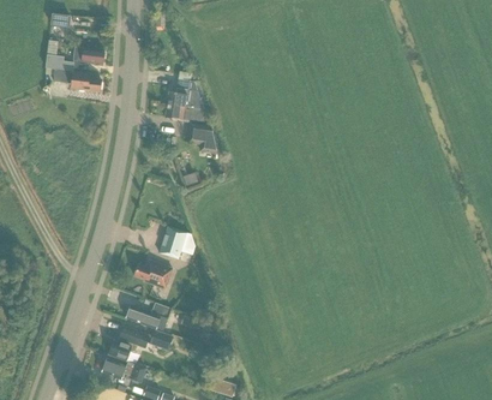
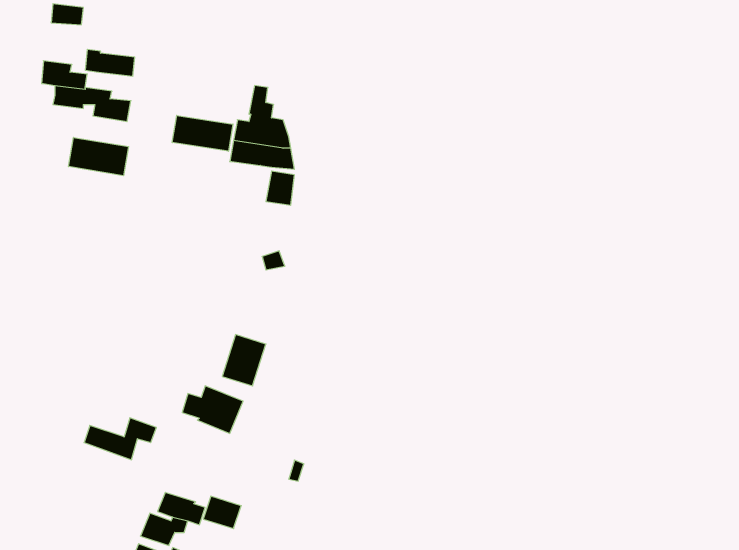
building: none -> [172,115,233,151]
building: none -> [69,137,129,176]
building: [125,302,170,328] -> [84,418,156,460]

